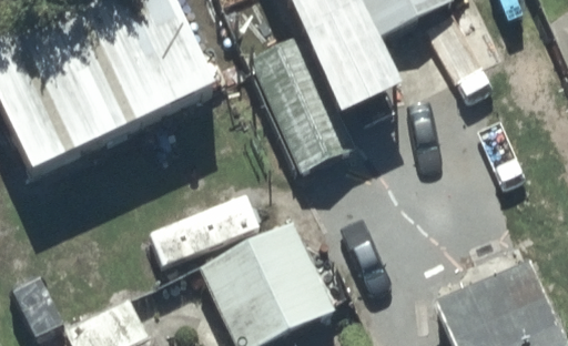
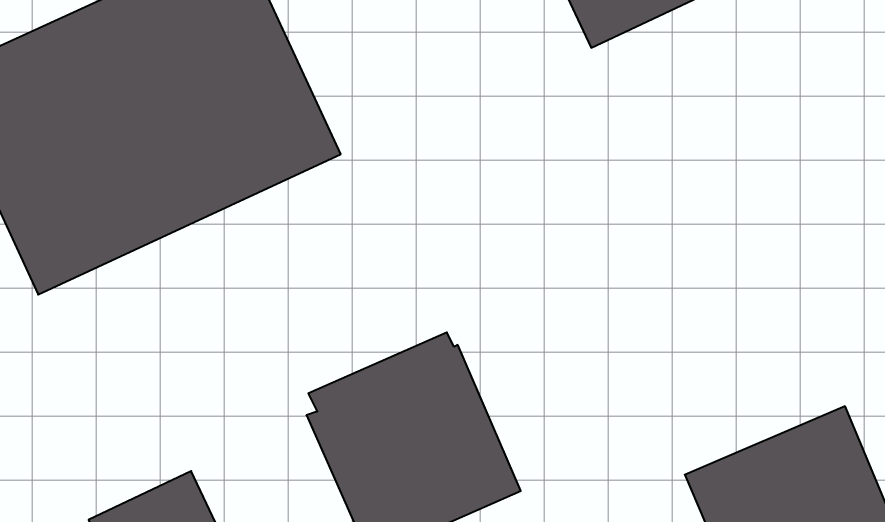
building: [247,32,355,174] -> none

